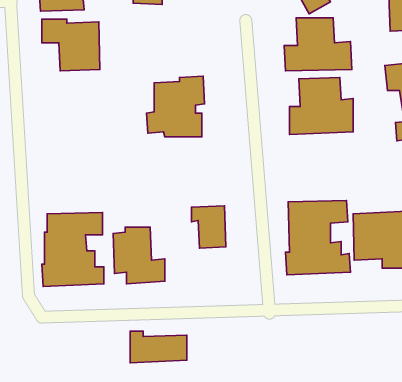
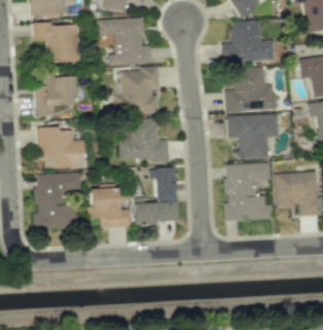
building: none -> [100,17,152,65]
building: none -> [36,76,76,115]
building: none -> [228,113,279,158]
building: none -> [119,117,170,161]
building: none -> [39,126,85,168]
building: [130,331,187,363] -> [135,197,179,222]

